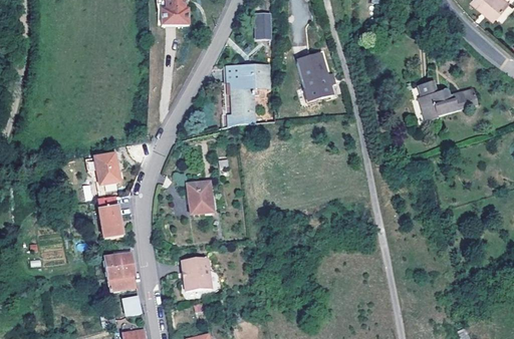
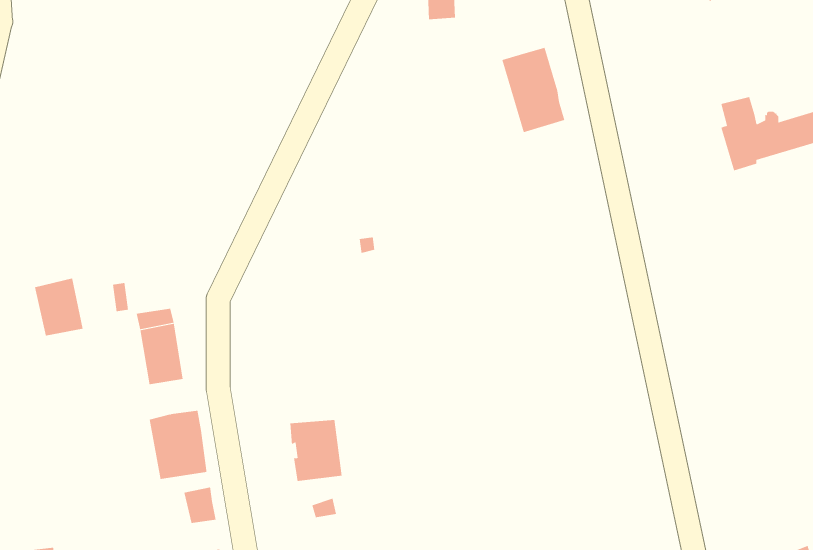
building: [224,63,270,126] -> none
building: [93,152,120,185] -> [34,278,84,336]
building: [187,182,213,214] -> none

